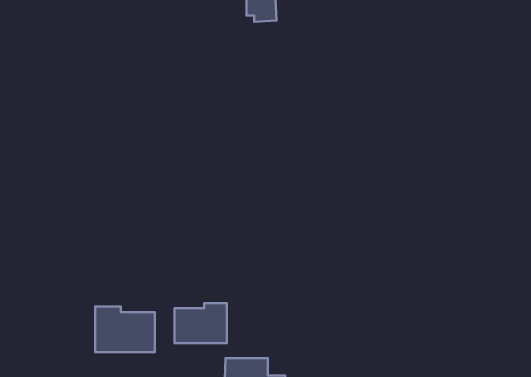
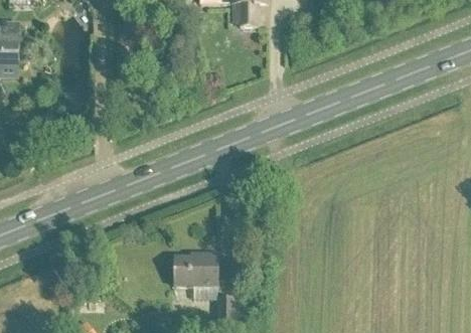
building: [95,306,155,352] -> none

